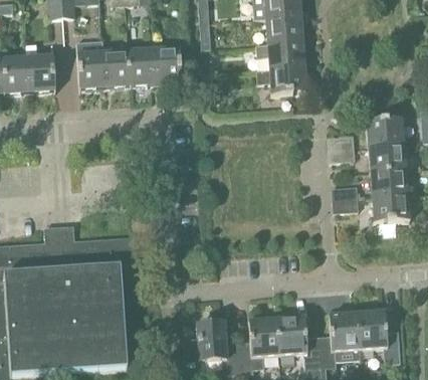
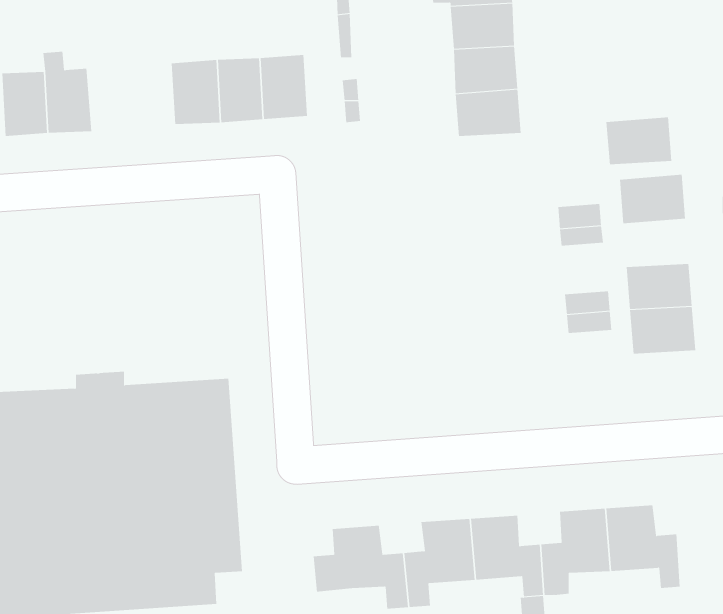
building: [76,40,102,88] -> none
building: [366,142,405,170] -> [606,117,672,165]

